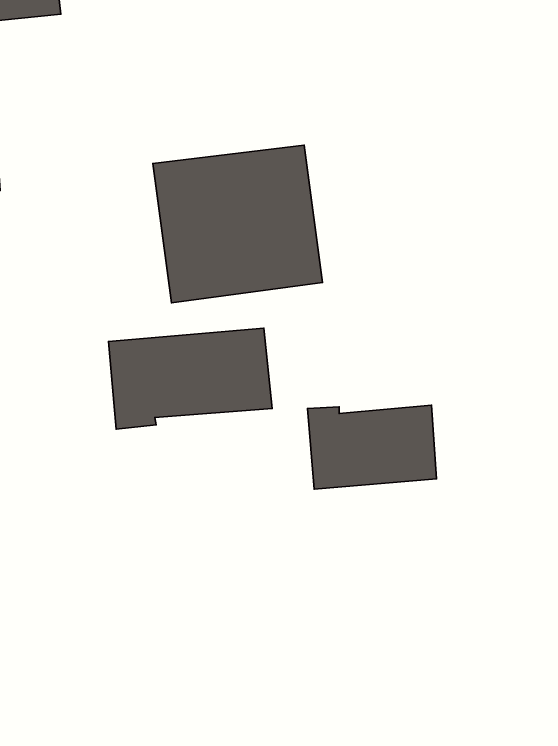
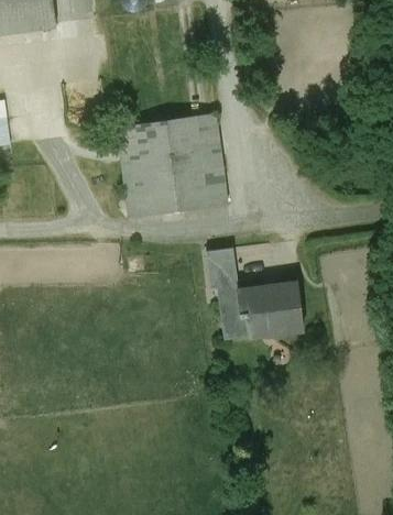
building: [109,328,272,429] -> none
building: none -> [205,246,238,287]

